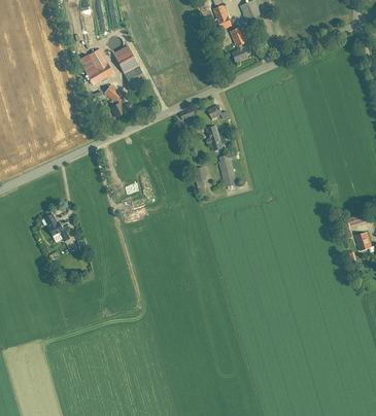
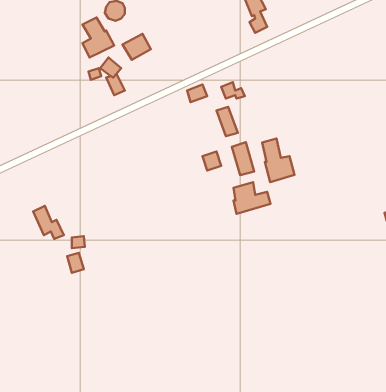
building: none -> [262,139,295,182]
building: none -> [233,182,271,214]

